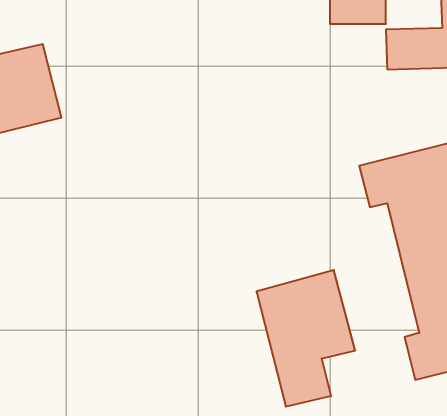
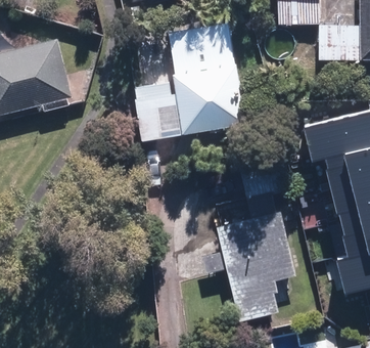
building: none -> [136,21,246,139]

